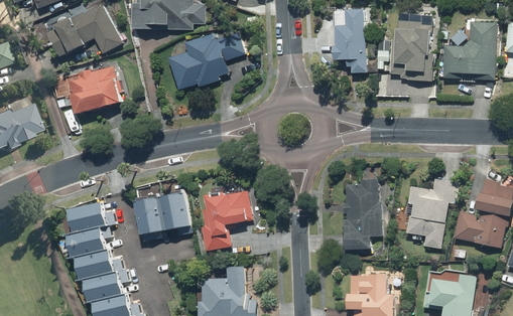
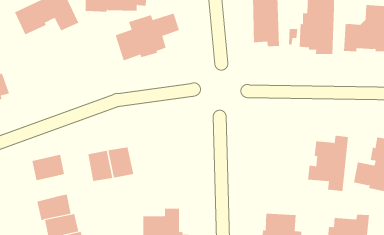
building: [69,65,119,116] -> none
building: [341,177,381,253] -> none
building: [202,190,252,251] -> none
building: [63,228,103,260] -> none

